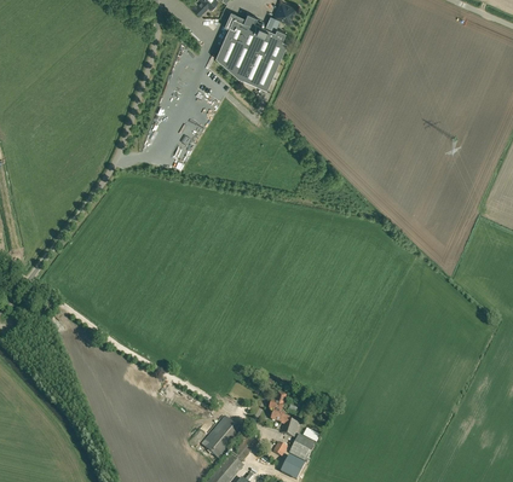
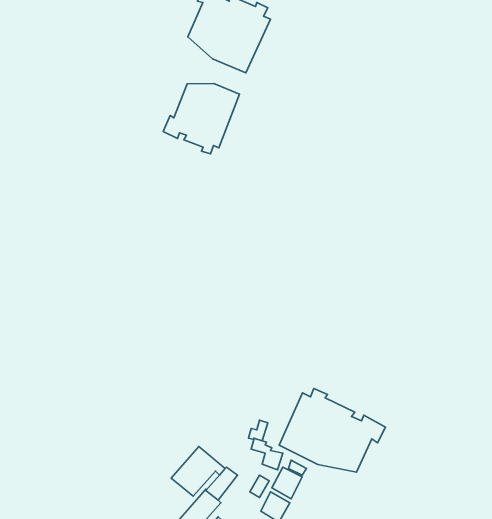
building: none -> [163,84,239,154]
building: none -> [279,388,385,472]

